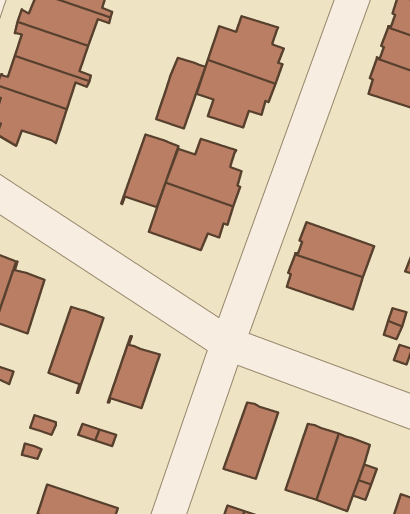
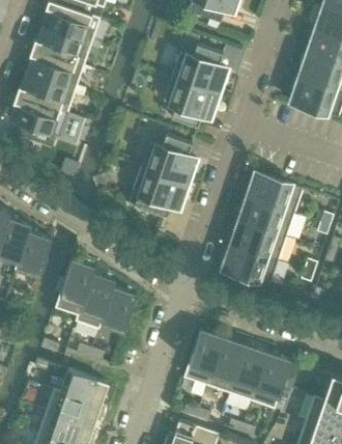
building: [156,58,206,128] -> none
building: [121,135,178,207] -> none
building: none -> [244,171,302,214]
building: none -> [219,244,278,284]
building: none -> [76,267,114,329]
building: none -> [206,336,245,393]
building: none -> [53,369,108,407]

